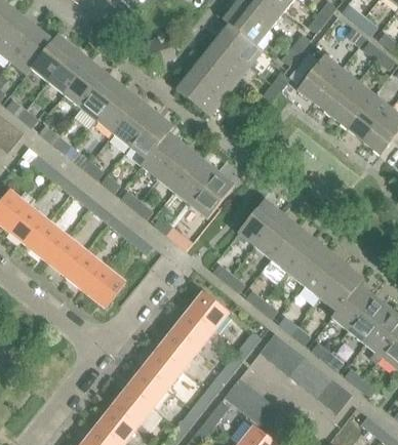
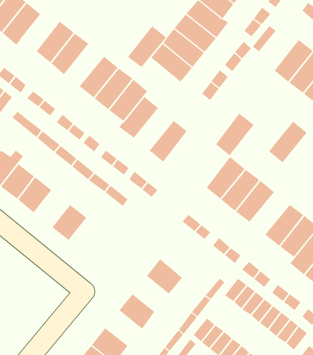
building: [32,34,75,81] -> none
building: [297,54,342,103] -> none
building: [80,73,124,120] -> [127,25,167,68]
building: [158,145,202,192] -> none
building: [191,170,235,218] -> [215,113,255,156]
building: [46,236,86,277] -> none
building: [287,238,331,285] -> [268,121,308,163]
building: [85,267,125,308] -> none
building: [187,292,229,333] -> none
building: [156,331,197,371] -> none
building: [125,369,167,409] -> none

